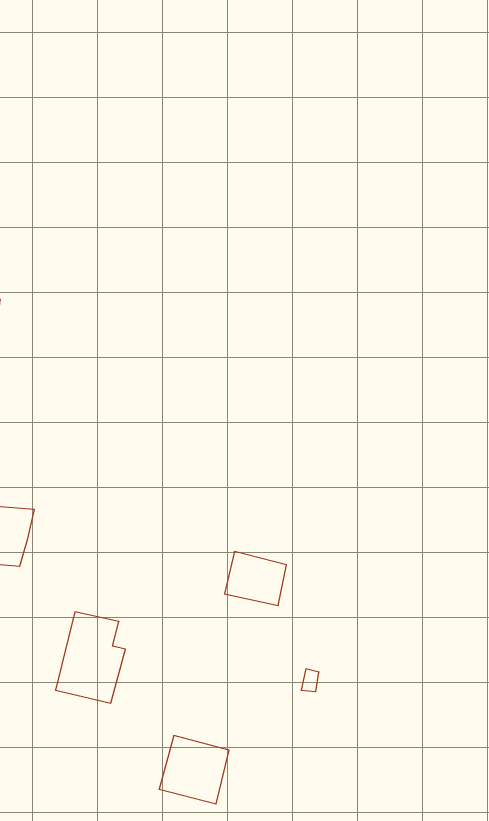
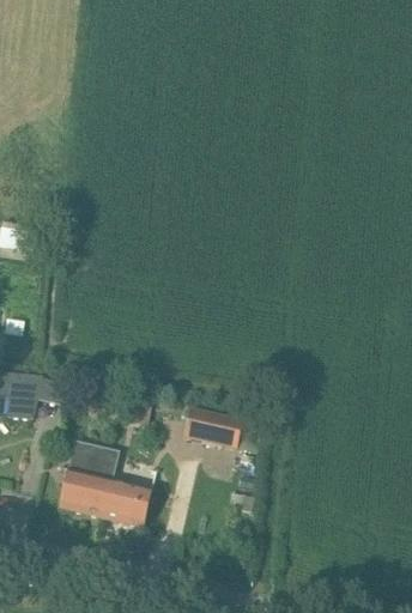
building: [159,736,229,804] -> [102,478,153,528]

